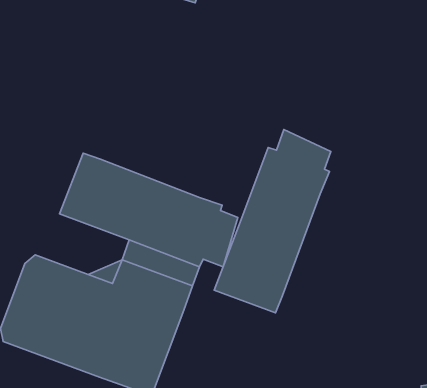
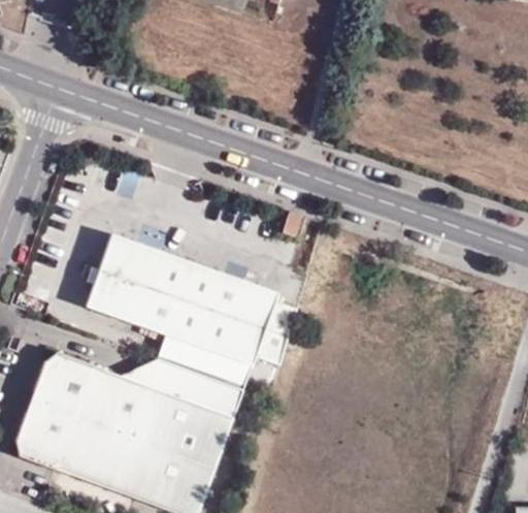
building: [214,129,331,313] -> none

